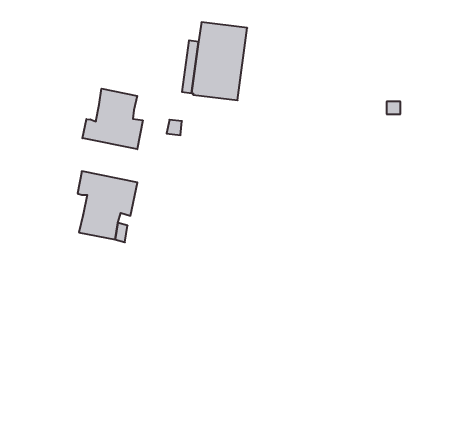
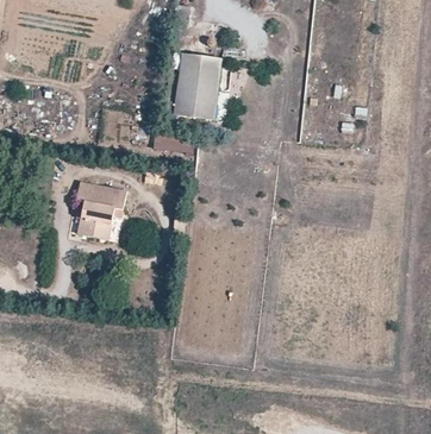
building: [82,89,143,149] -> none

